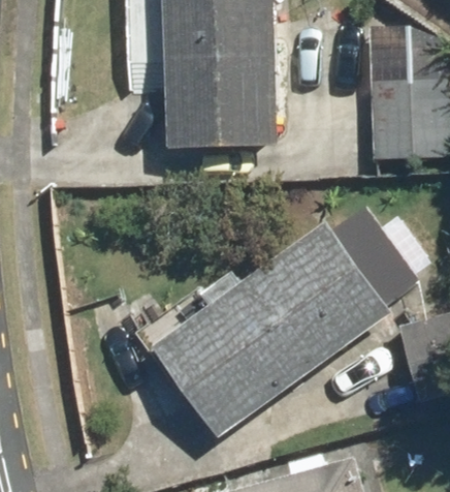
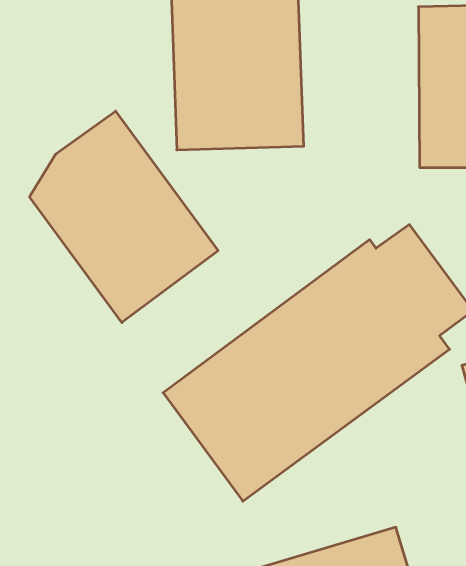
building: none -> [30,111,218,323]

